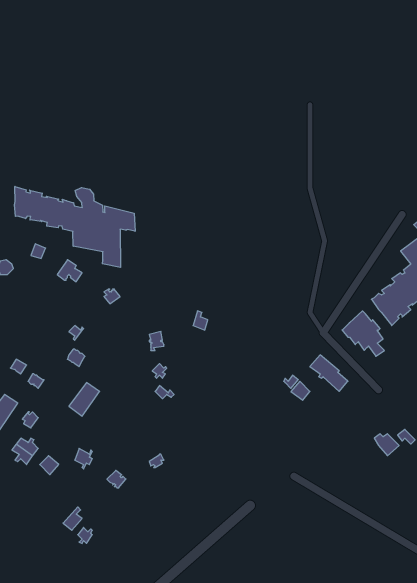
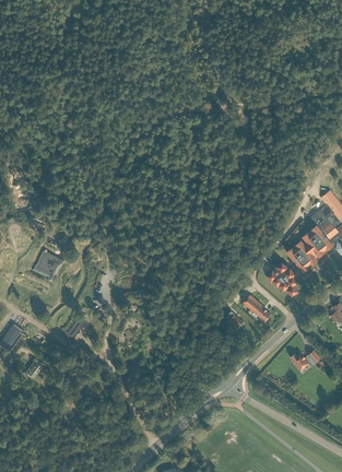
building: [15,186,135,267] -> none
building: none -> [33,249,64,282]

